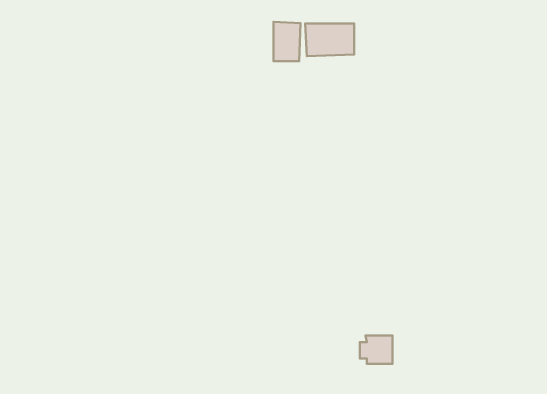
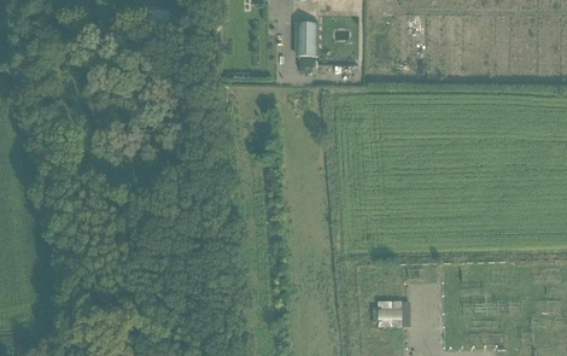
building: [305,24,354,56] -> none

